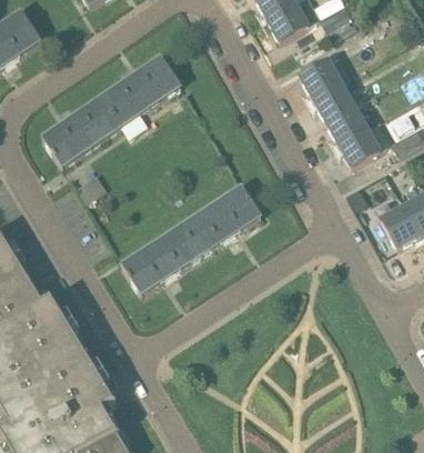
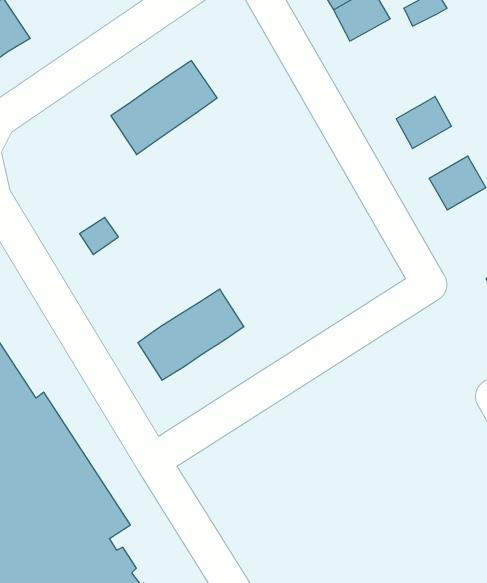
building: [300,60,342,100] -> none
building: [41,98,120,168] -> none
building: [325,105,366,144] -> none
building: [182,187,262,254] -> none

